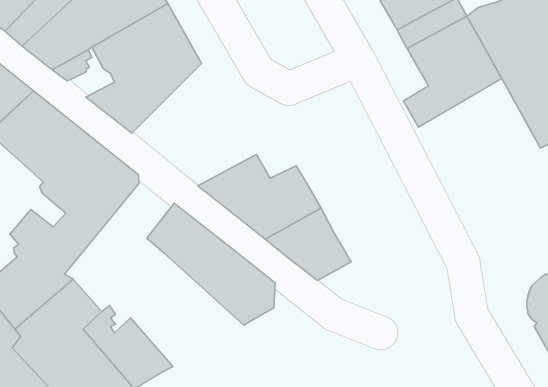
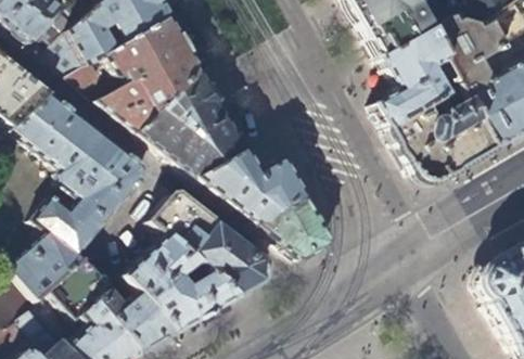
building: none -> [140,69,246,176]
building: none -> [389,82,496,179]
building: none -> [125,234,238,333]

